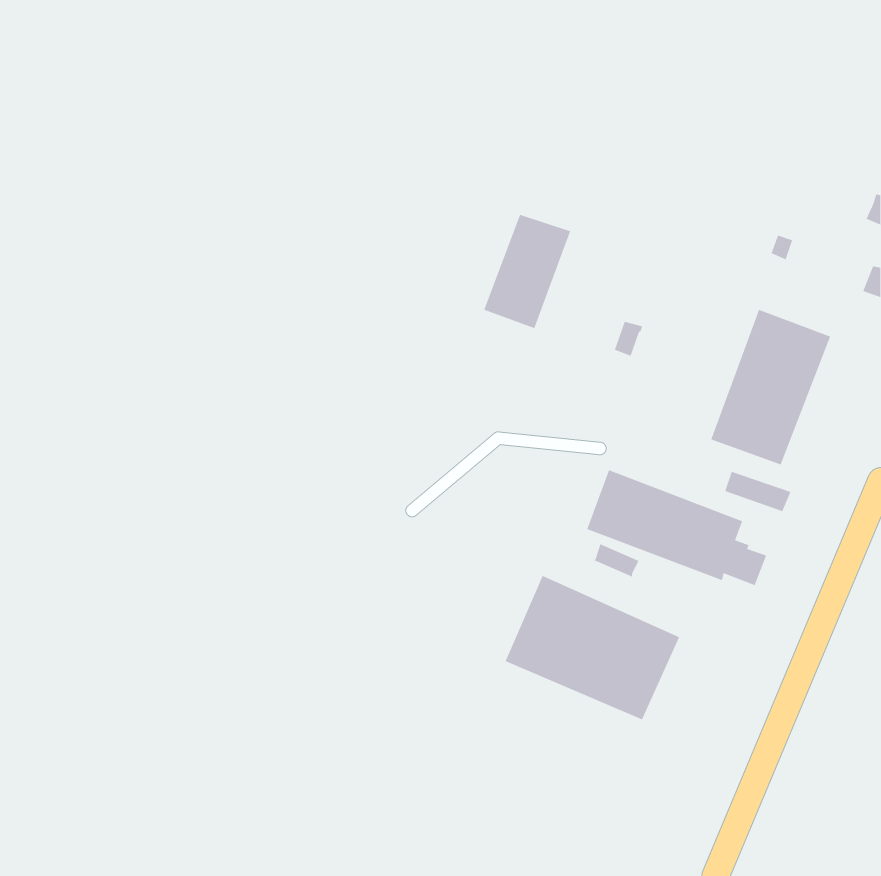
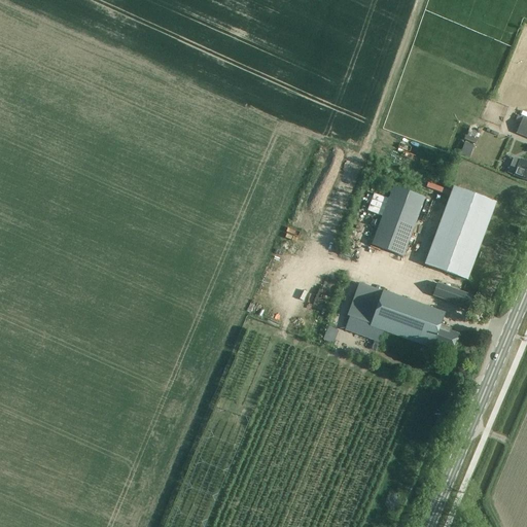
building: [483,214,571,329] -> [371,185,423,254]
building: [505,575,680,721] -> none

